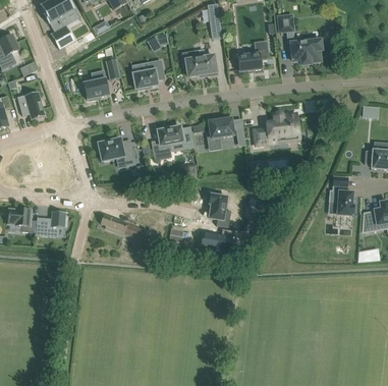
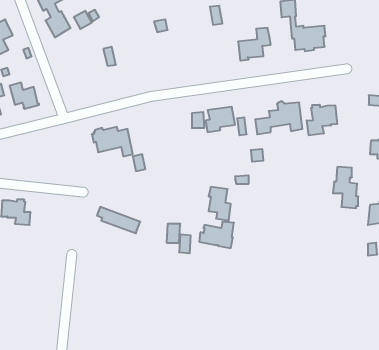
building: [182,50,217,75] -> none
building: [132,59,164,90] -> none
building: [84,77,109,100] -> none
building: none -> [307,105,337,135]
building: [152,123,182,160] -> none
building: [36,211,66,234] -> none

